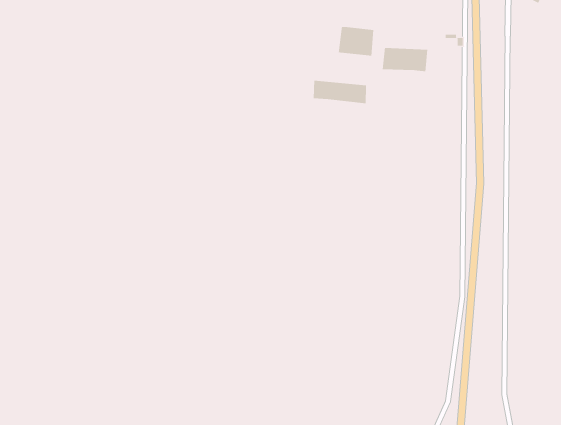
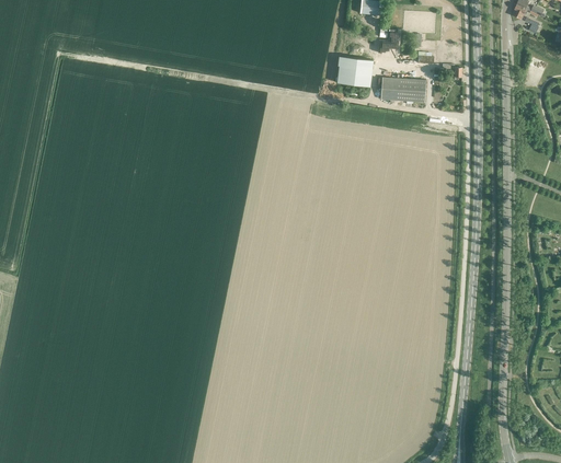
building: [313,80,367,104] -> none

